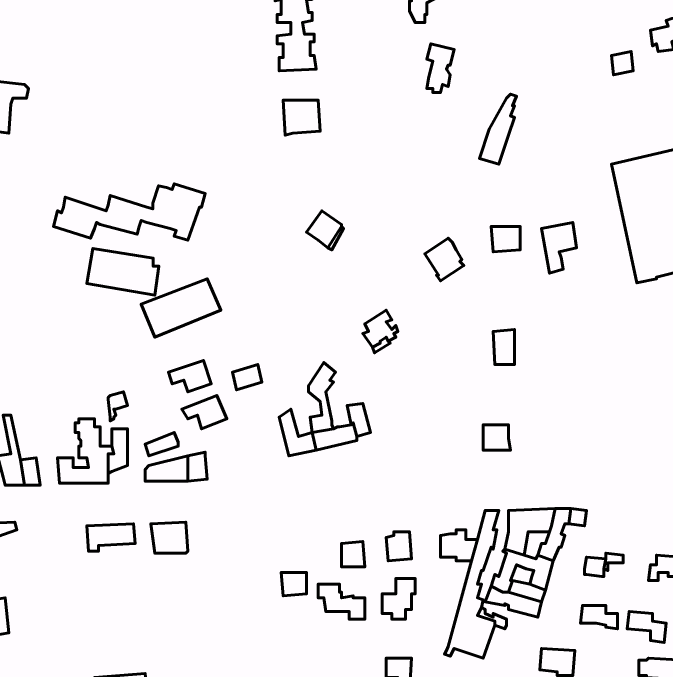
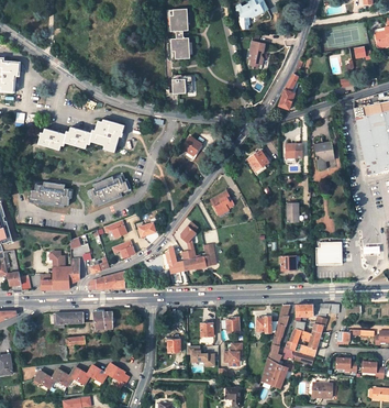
building: [87,249,159,295] -> [27,181,68,208]
building: none -> [315,242,342,265]
building: none -> [34,363,129,390]

